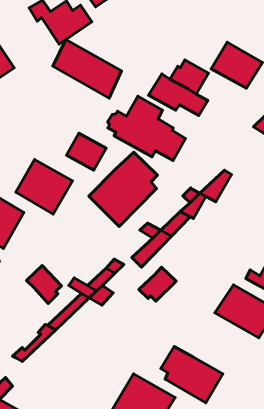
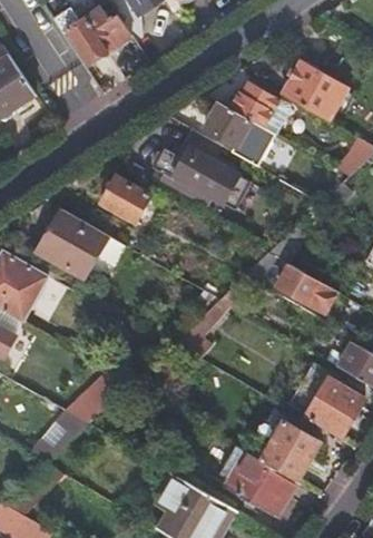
building: [53,40,122,98] -> none
building: [89,152,157,227] -> none
building: none -> [277,264,322,305]
building: [26,265,61,303] -> none
building: [139,267,176,301] -> none
building: none -> [259,419,320,480]

